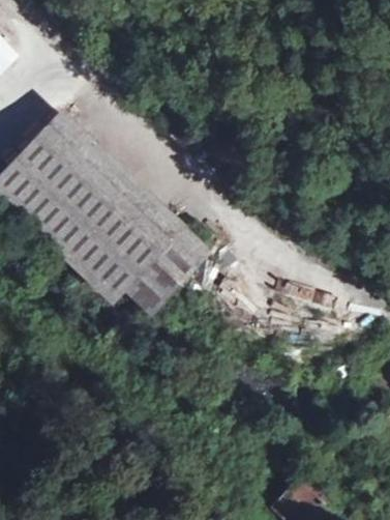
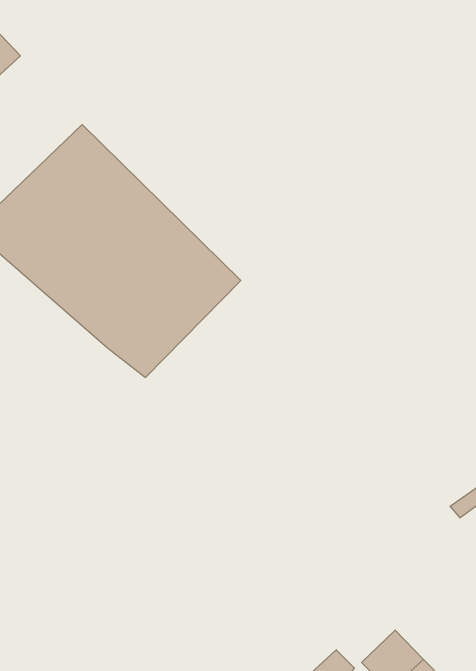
building: [113,224,212,315] -> none

